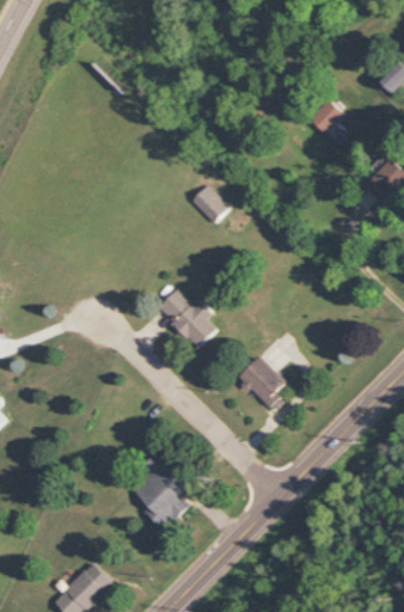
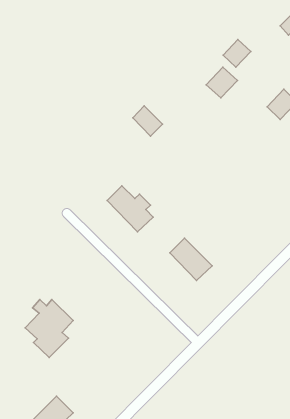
building: none -> [206,67,238,98]
building: [131,454,194,530] -> [25,299,73,357]

